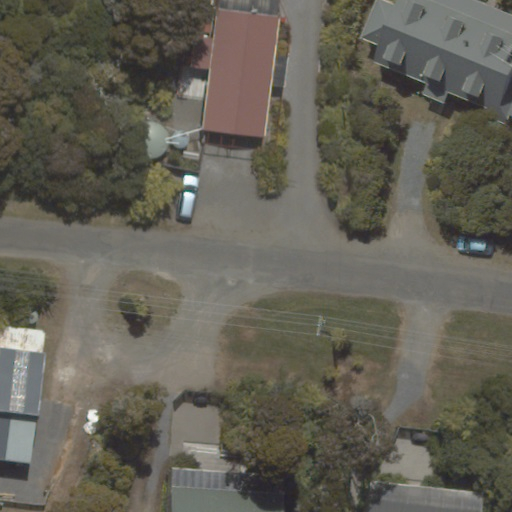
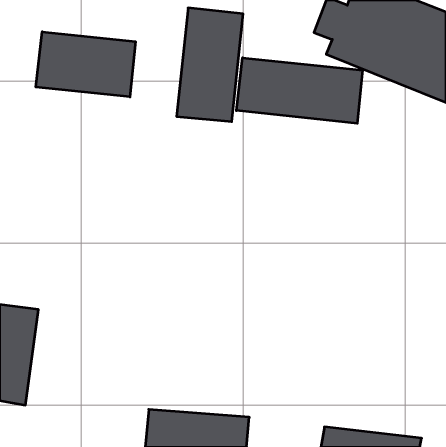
building: none -> [36,32,135,97]
building: none -> [236,58,362,123]

